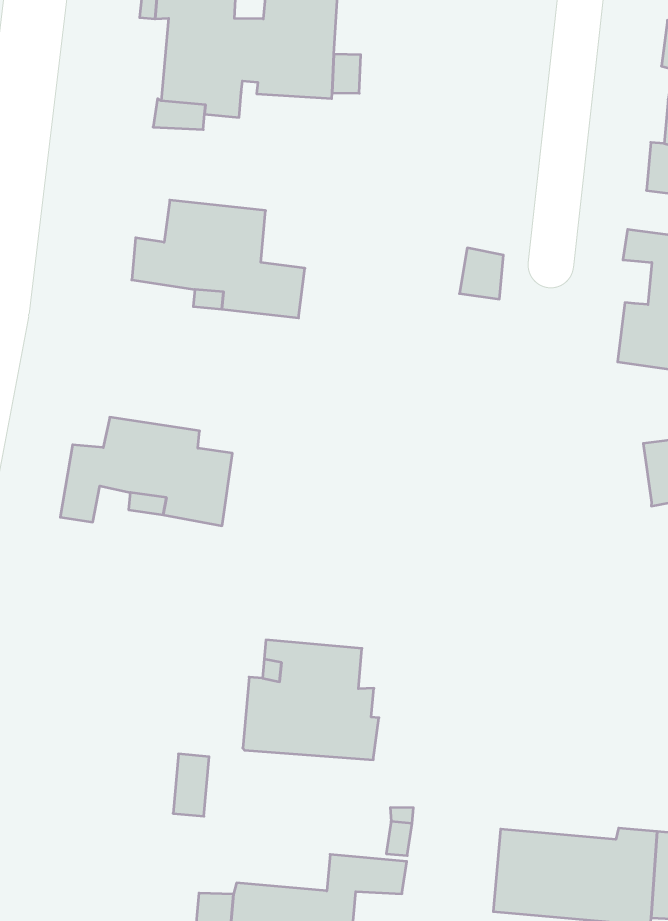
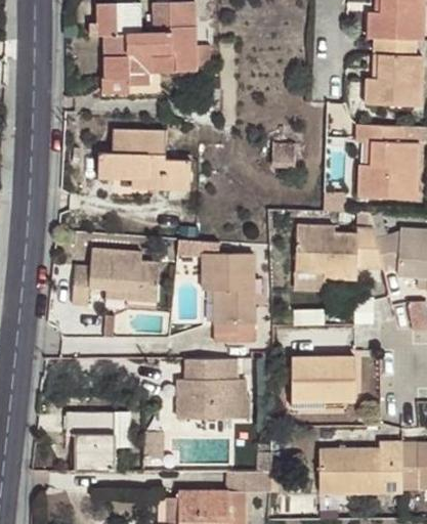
building: none -> [295,212,384,290]
building: none -> [203,256,253,343]
building: none -> [291,359,355,409]
building: none -> [69,413,117,472]

